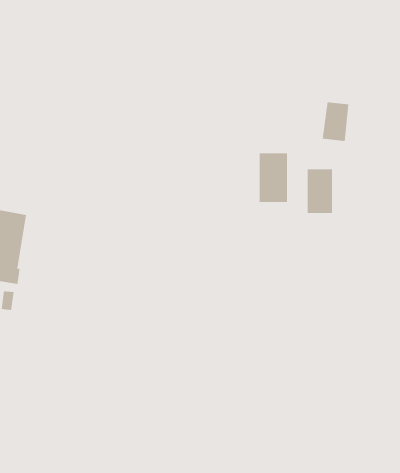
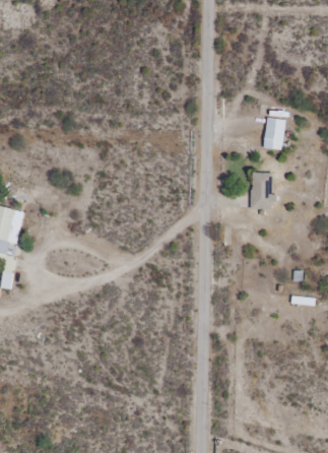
building: [259,153,287,203] -> none

